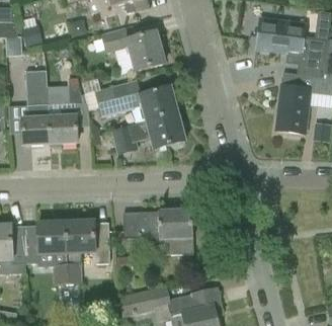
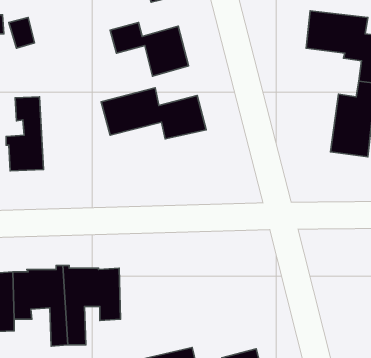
building: [46,86,82,147] -> none
building: [110,113,184,155] -> none
building: [121,210,193,254] -> none

